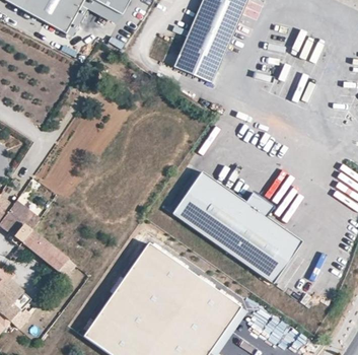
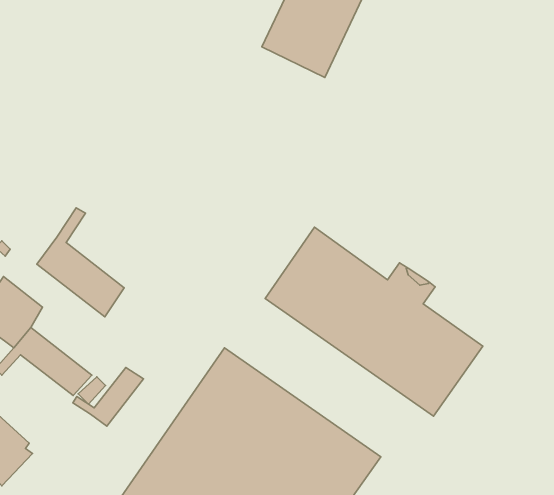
building: none -> [37,208,124,317]
building: none -> [73,367,143,426]

